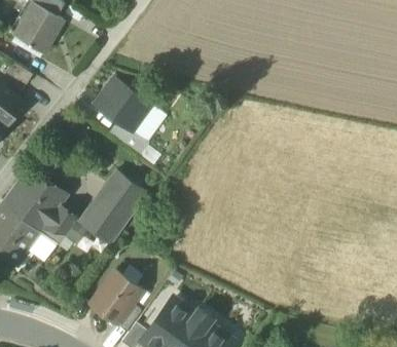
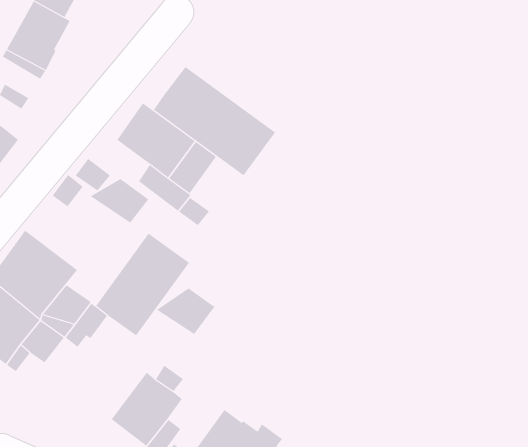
building: none -> [153,66,276,176]
building: none -> [90,178,149,224]
building: none -> [156,288,215,335]

